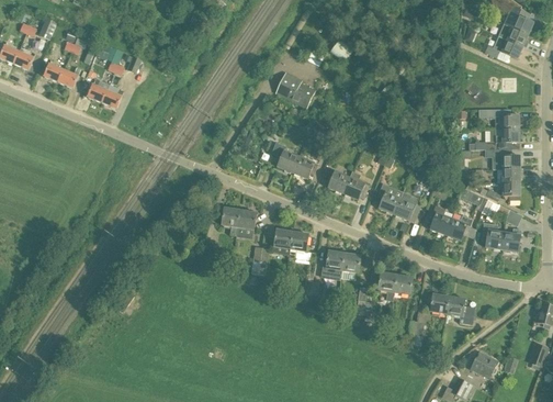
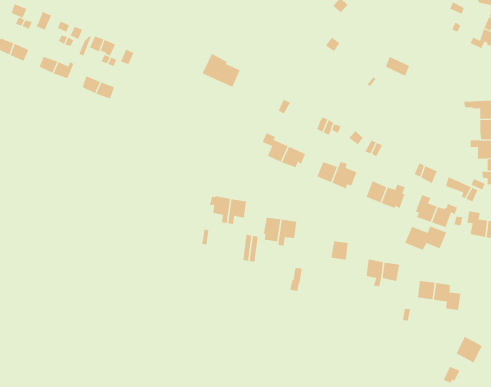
building: [274,70,314,105] -> [202,53,240,87]
building: none -> [404,226,447,251]
building: [321,249,345,277] -> none

